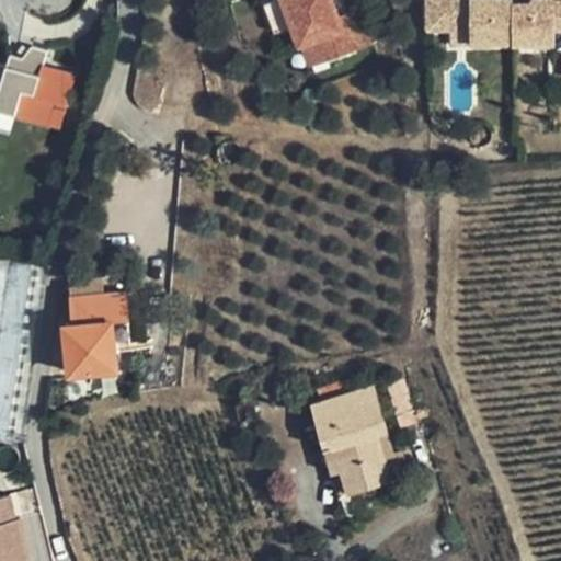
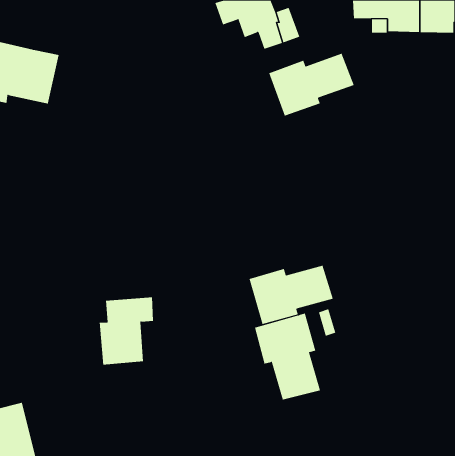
building: none -> [269,53,355,117]
building: [60,290,127,374] -> [99,297,154,365]
building: none -> [249,265,333,325]

